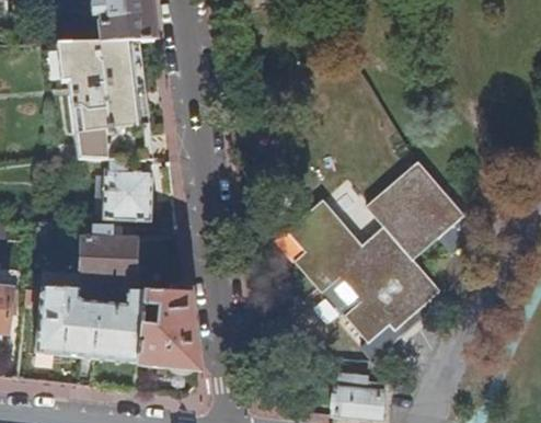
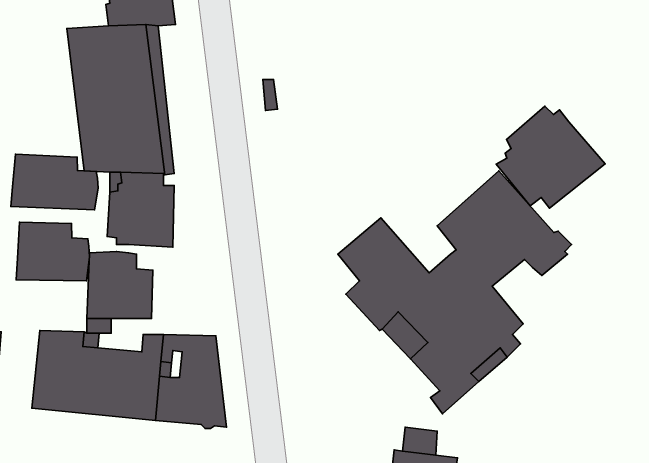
building: none -> [496,106,605,208]
building: none -> [11,154,98,210]
building: none -> [16,222,89,281]

